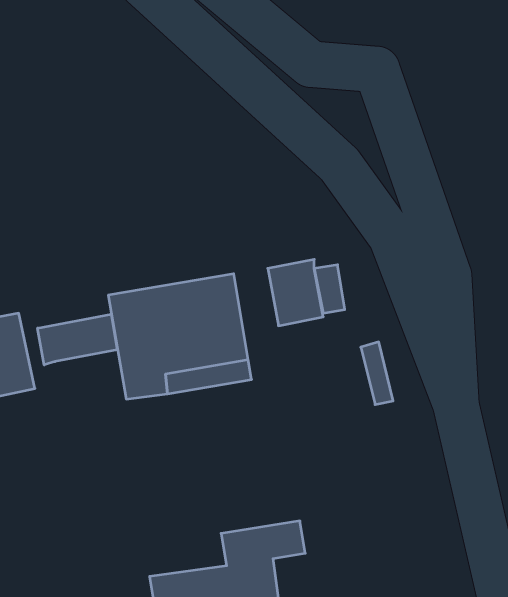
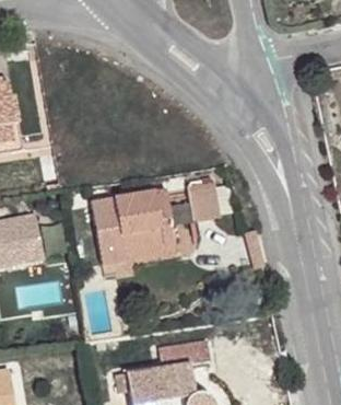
building: [38,314,117,365] -> none

